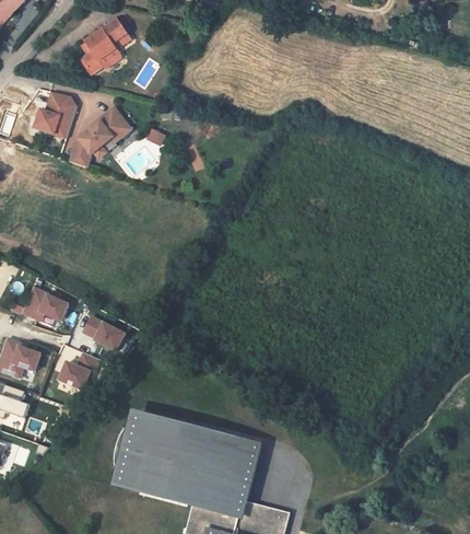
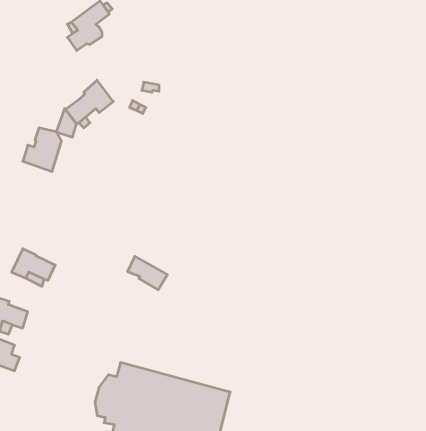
building: [34,92,75,139] -> [23,128,61,171]
building: [82,316,125,352] -> [128,256,167,290]
building: [59,353,98,390] -> none

